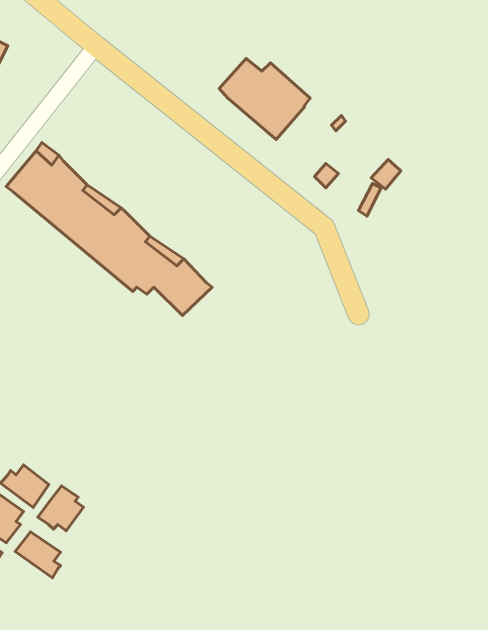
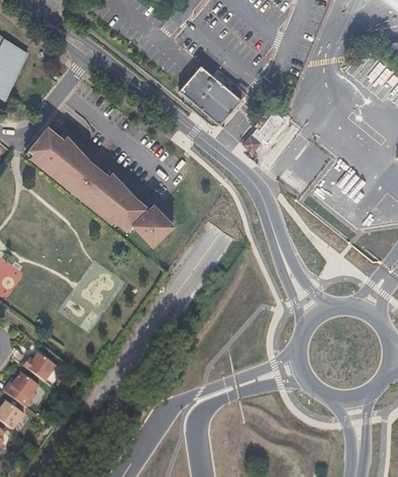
building: [38,486,84,531] -> none
building: [15,532,60,578] -> none

